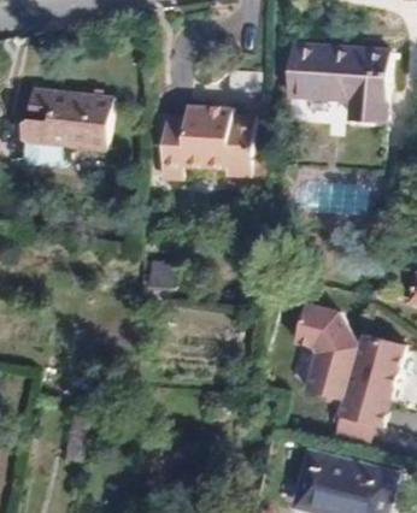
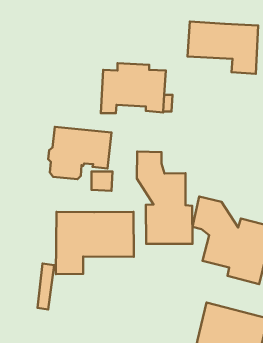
building: [19,89,111,165] -> [48,127,112,179]
building: none -> [137,151,193,244]
building: none -> [56,212,134,274]

